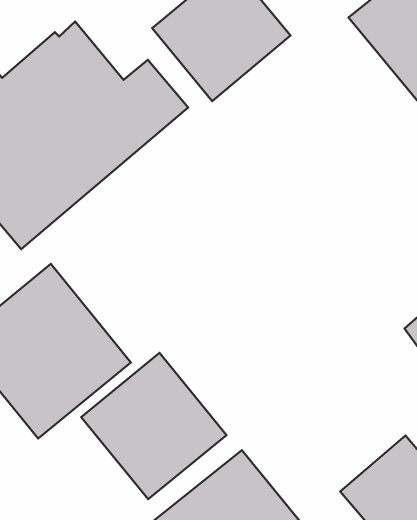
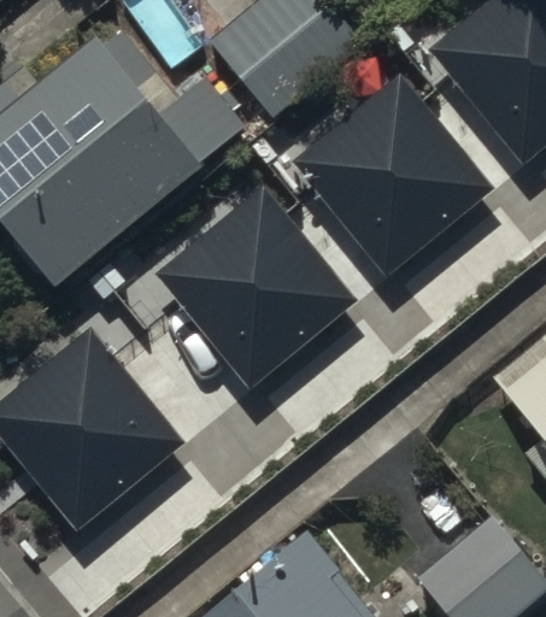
building: none -> [293,69,492,268]
building: none -> [157,181,354,380]
building: [81,353,226,499] -> none

